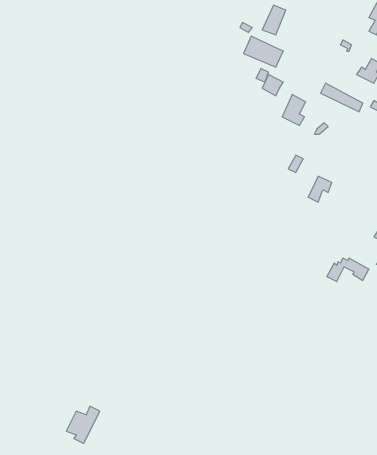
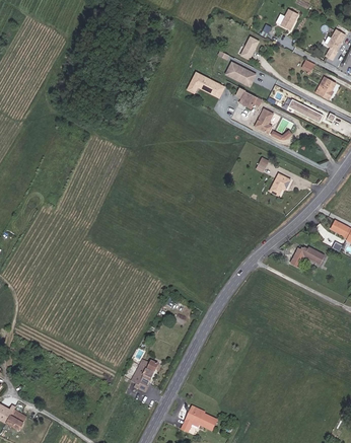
building: none -> [187,73,223,97]
building: [66,406,100,443] -> [131,358,158,388]

